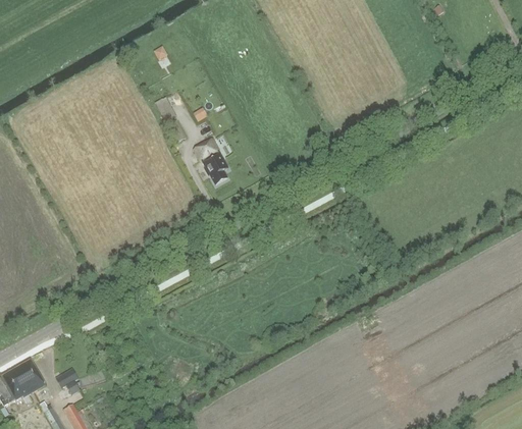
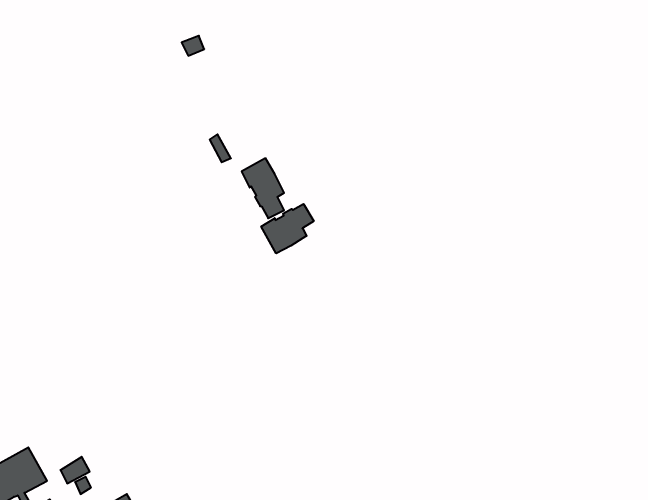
building: none -> [261,204,314,253]

